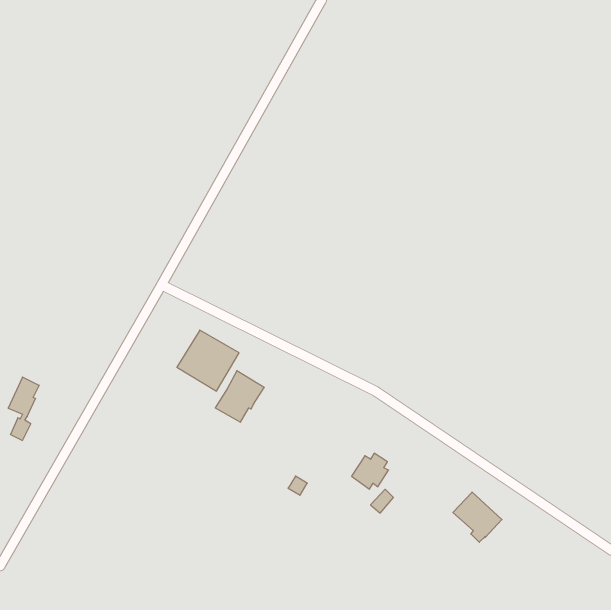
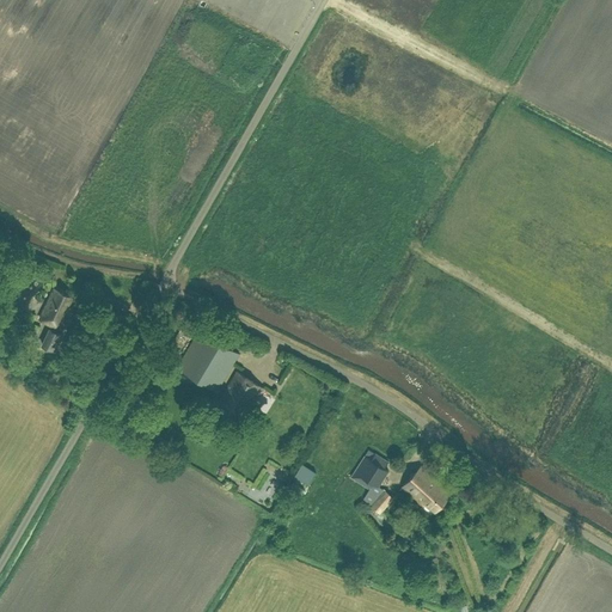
building: [8,377,39,440] -> [41,289,72,353]
building: [453,492,502,542] -> [402,467,451,518]

